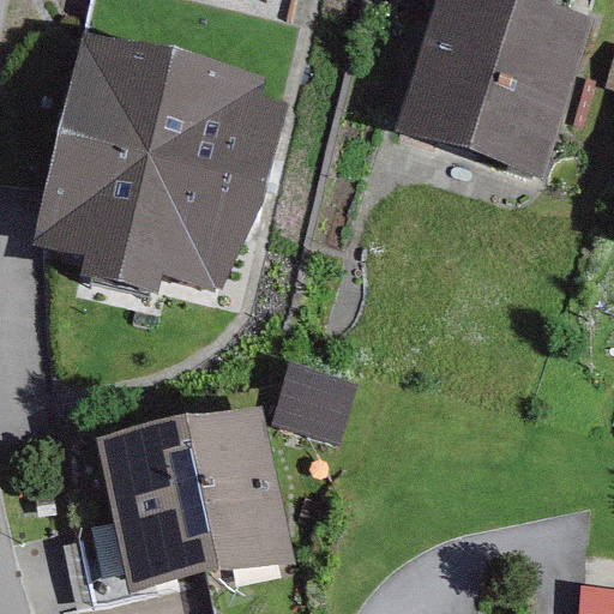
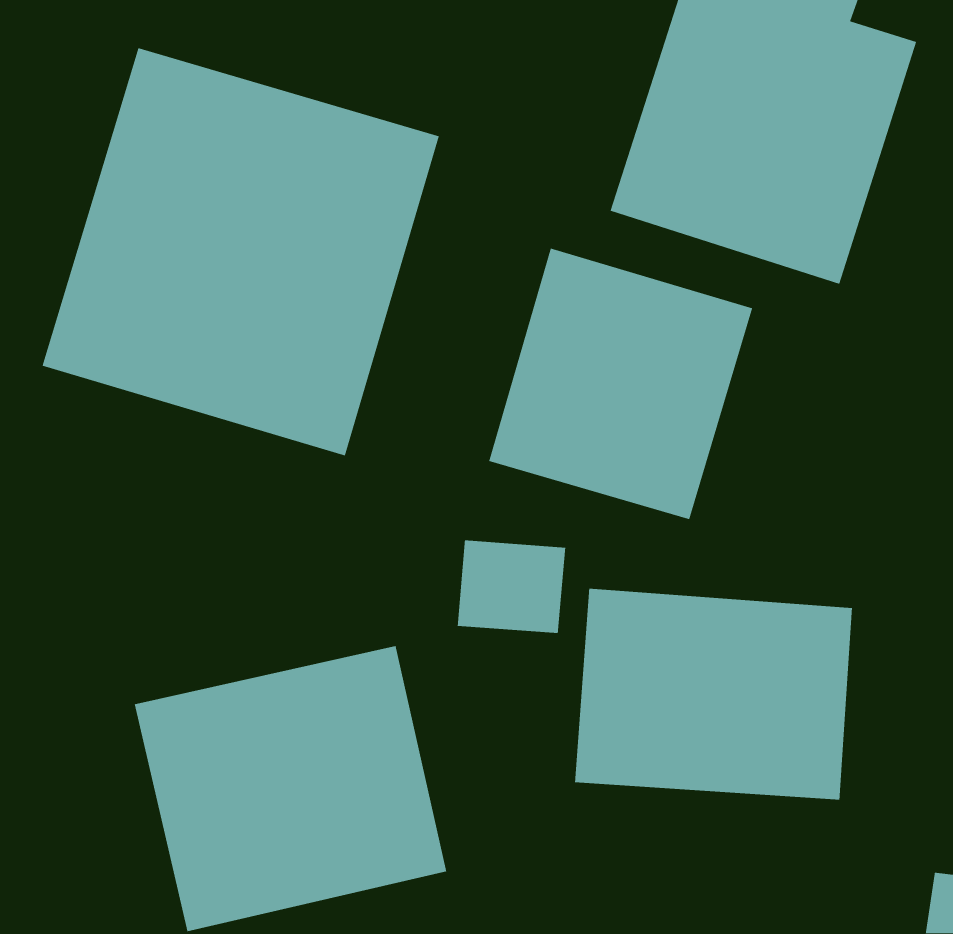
building: none -> [488,247,753,520]
building: none -> [574,588,853,801]

